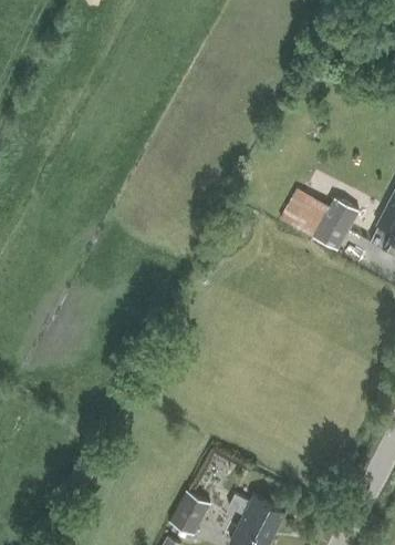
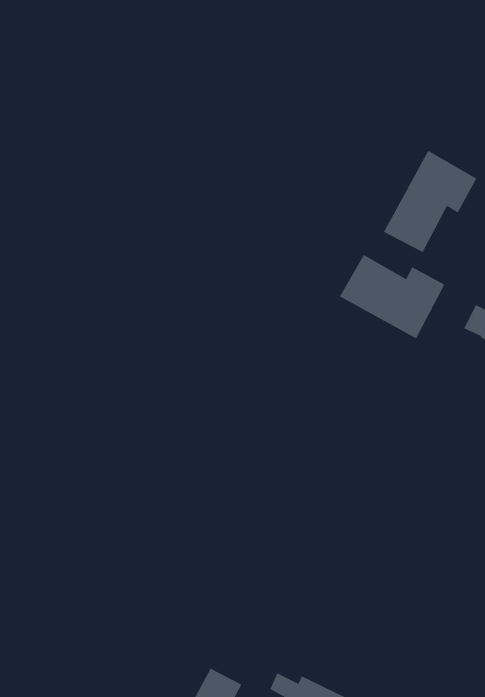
building: none -> [383,150,477,253]

